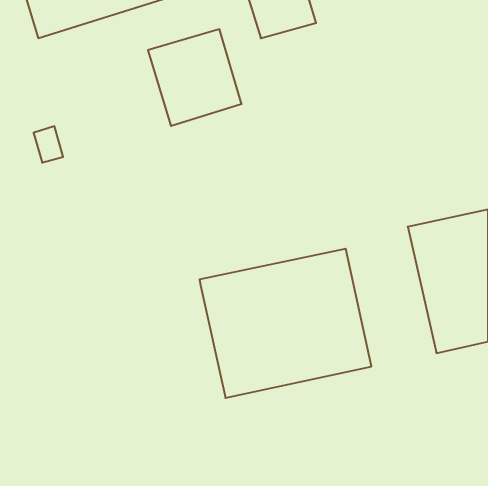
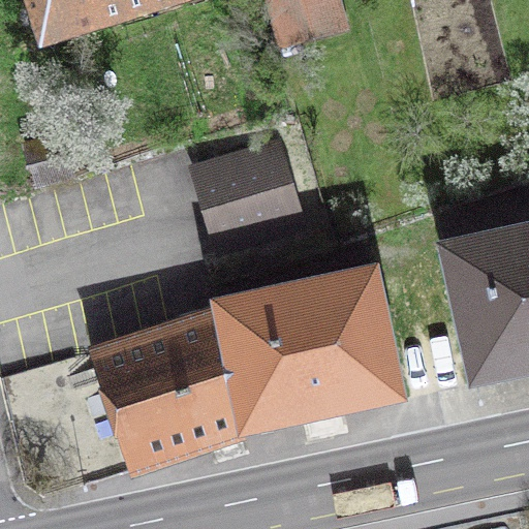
building: [148,29,242,126] -> [197,143,299,247]
building: none -> [92,308,244,468]

